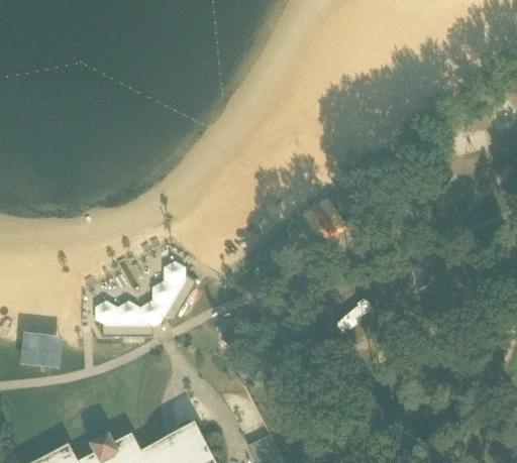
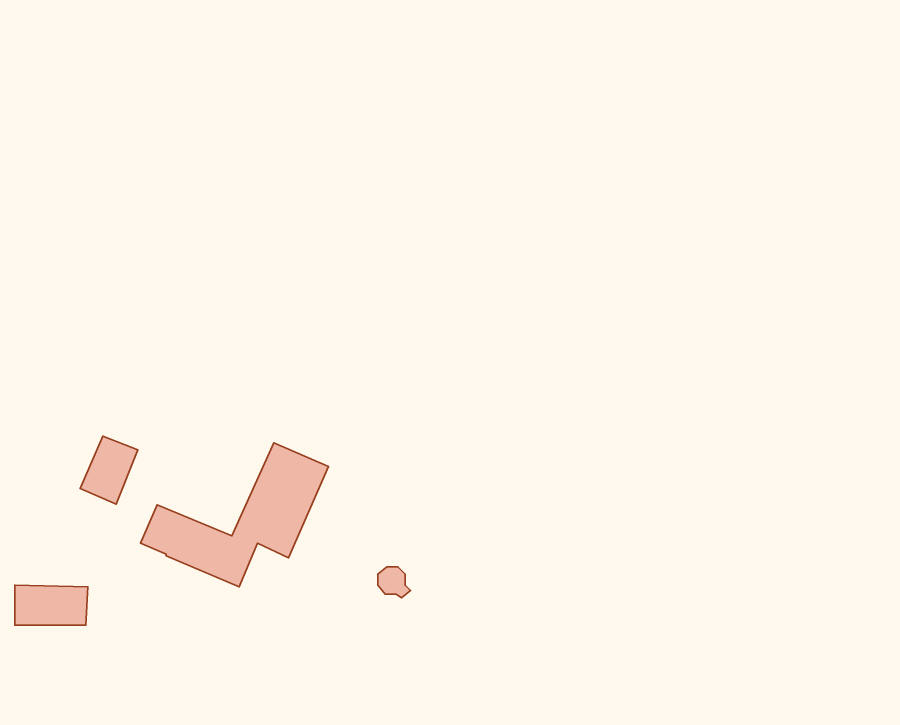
building: none -> [80,436,138,504]

